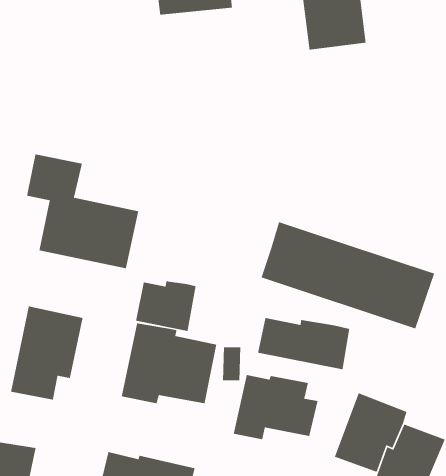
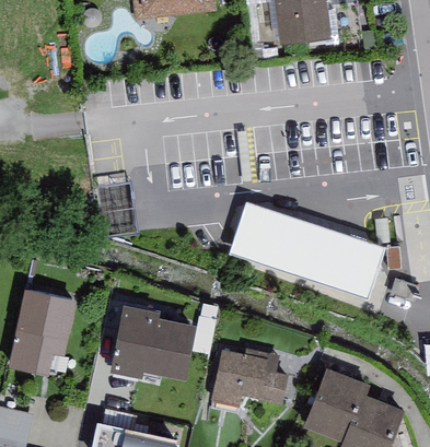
building: [26,154,139,269] -> none
building: [135,280,196,332] -> none
building: [257,317,350,370] -> none

